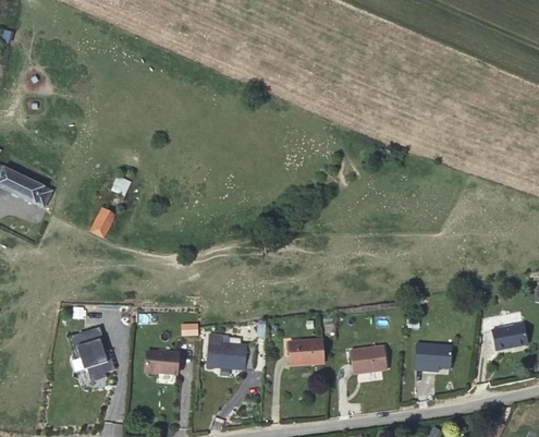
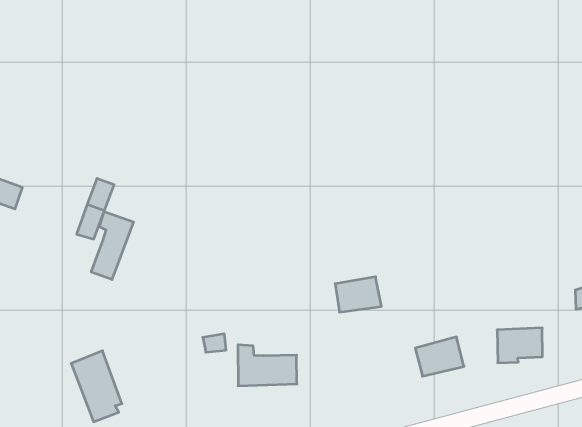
building: none -> [91,211,134,280]
building: [289,340,323,365] -> [335,277,381,312]
building: [145,352,179,374] -> none

